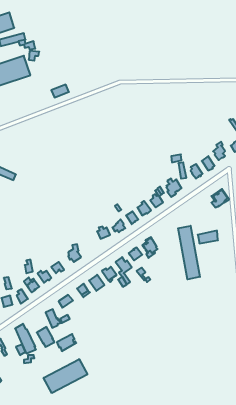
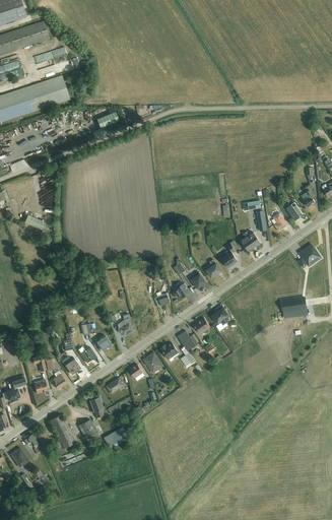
building: [178,226,200,279] -> none
building: [44,359,87,393] -> none

